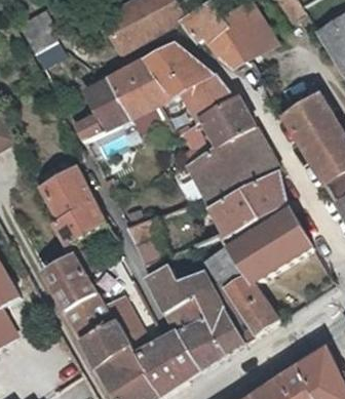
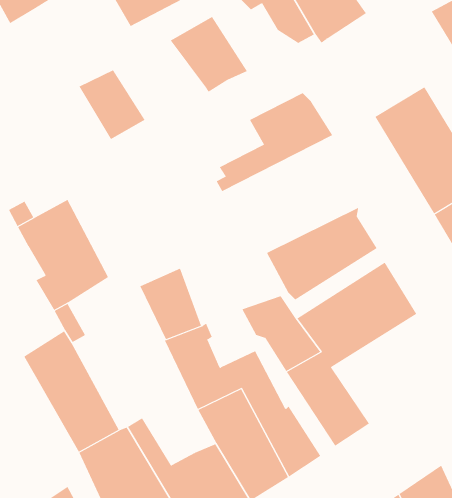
building: [106,61,167,114] -> none
building: [169,74,233,128] -> none
building: [179,124,273,203] -> none

